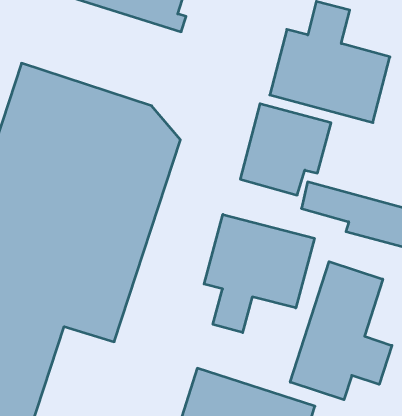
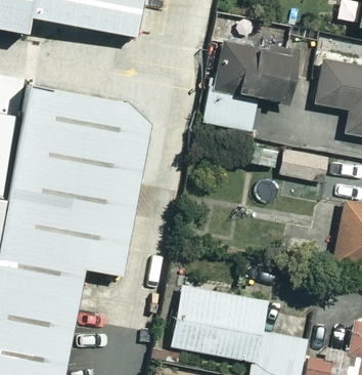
building: [204,214,314,333] -> none
building: [290,262,392,400] -> none

